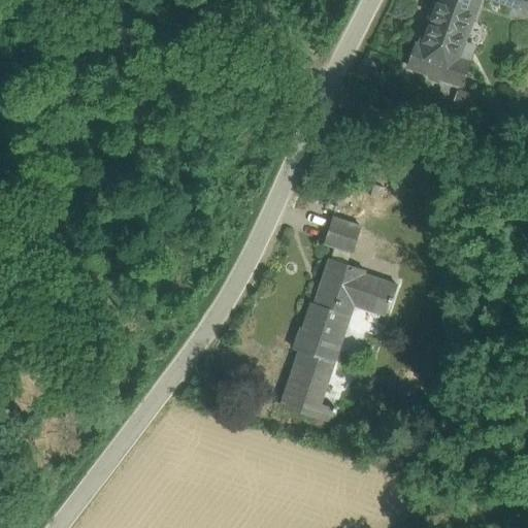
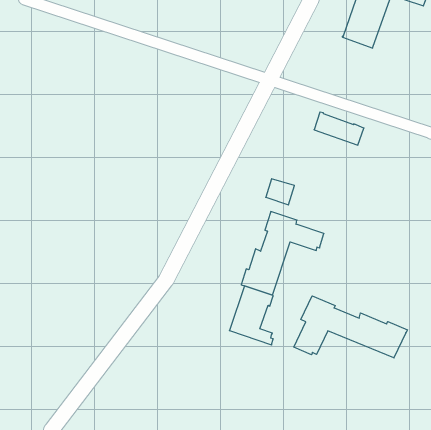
building: [407,43,468,84] -> [314,112,364,145]
building: none -> [294,296,407,358]

